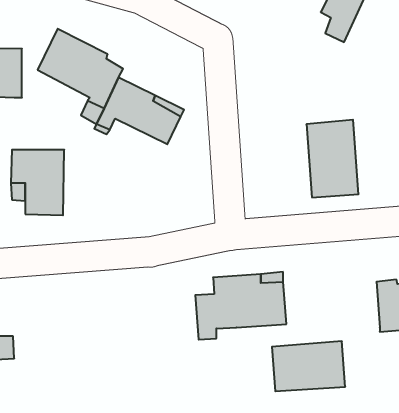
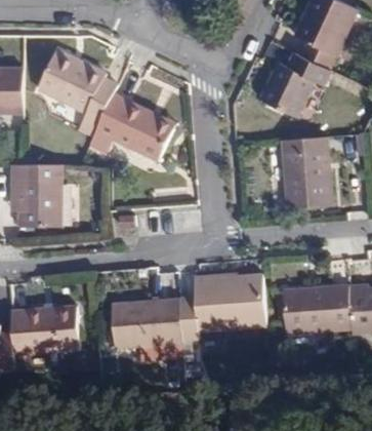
building: none -> [256,51,320,125]
building: none -> [113,298,184,346]
building: none -> [11,309,80,368]
building: [272,341,345,391] -> [284,285,352,331]

